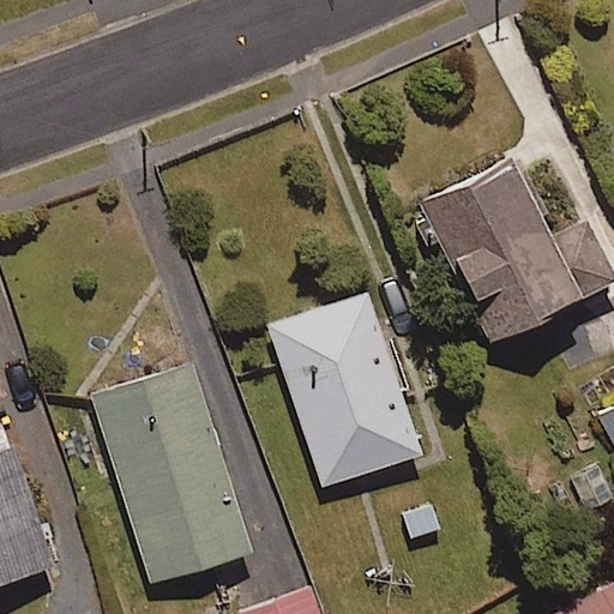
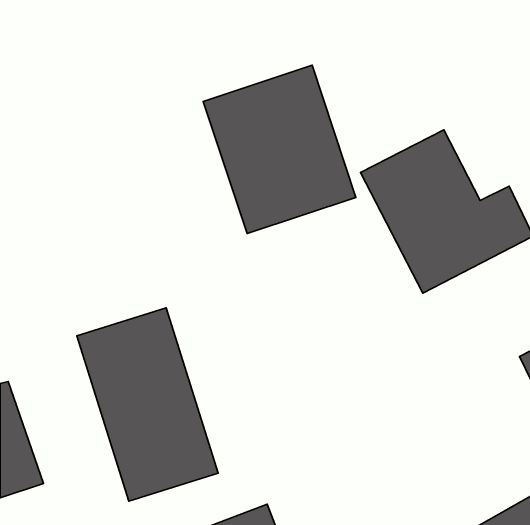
building: none -> [203,65,356,234]
building: [269,293,425,489] -> none

